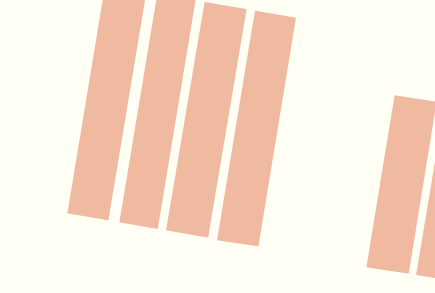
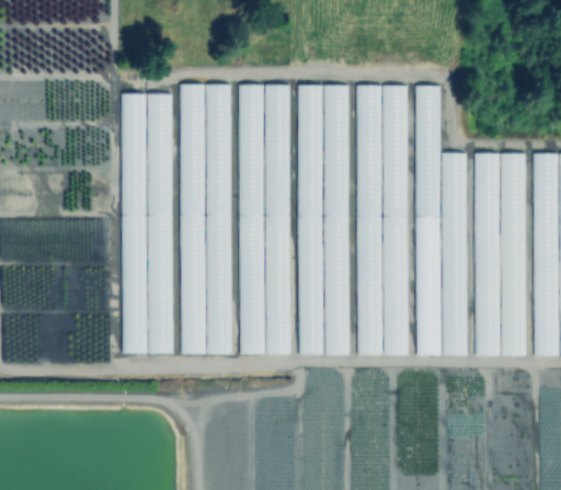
building: none -> [354,86,409,355]
building: none -> [415,86,467,355]

